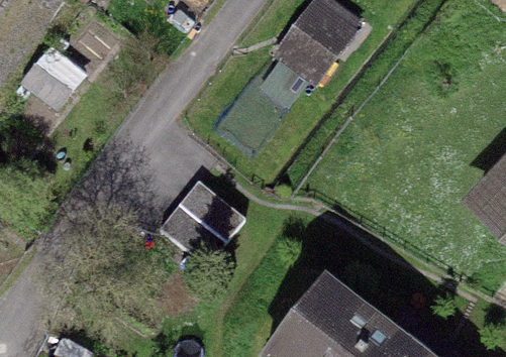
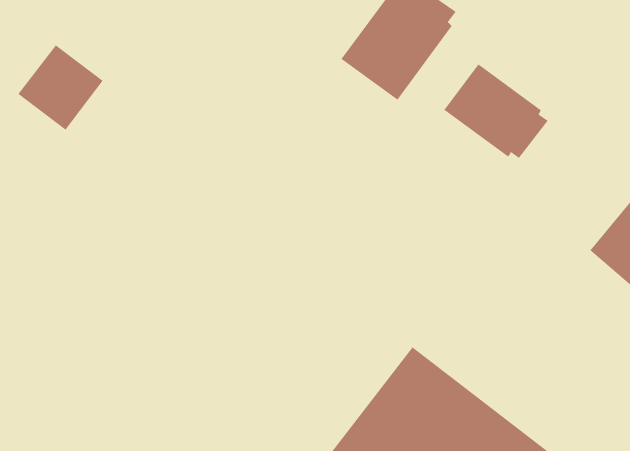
building: none -> [444,63,548,159]
building: [168,177,247,256] -> none

